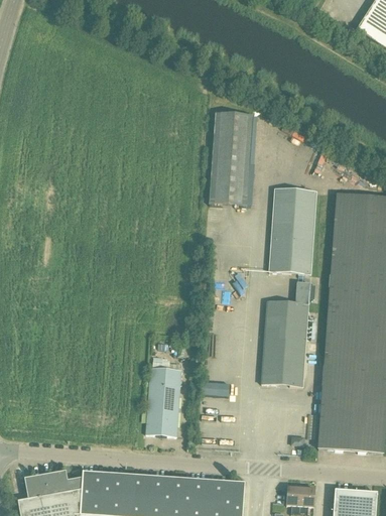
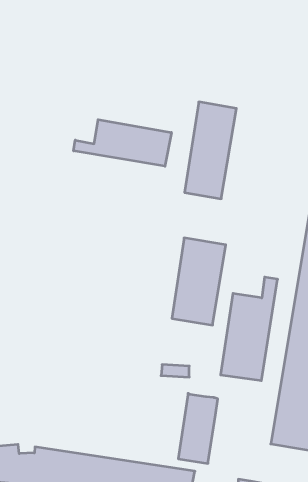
building: none -> [74,120,171,166]
building: [269,188,316,273] -> [172,238,226,325]
building: [146,366,180,434] -> [178,393,218,463]

